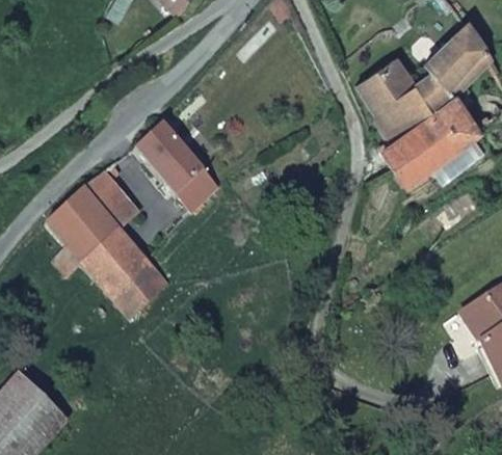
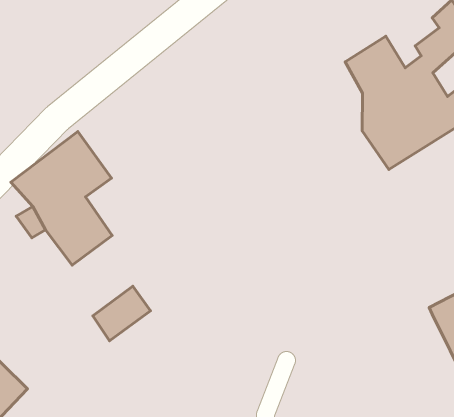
building: [133,121,221,207] -> none
building: [110,265,165,319] -> [93,286,151,341]

